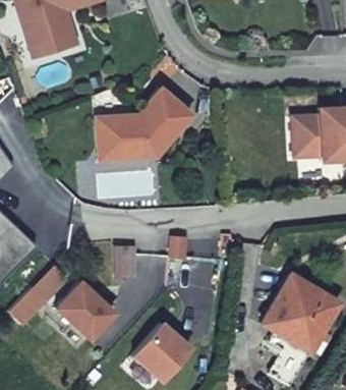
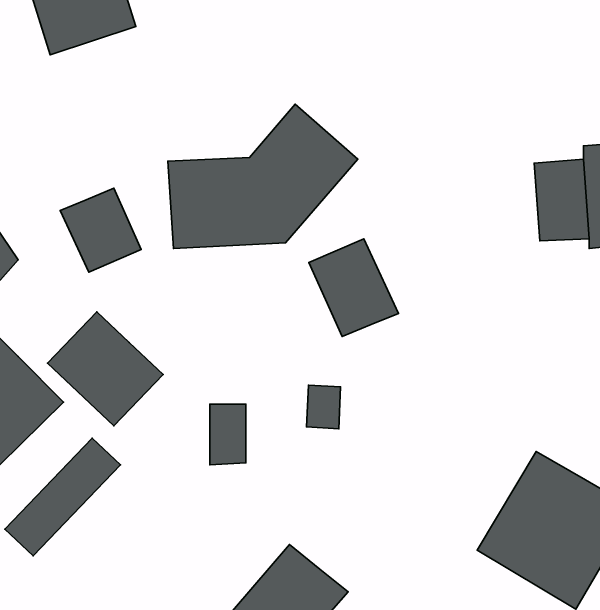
building: none -> [60,188,141,272]
building: none -> [309,239,399,336]
building: [53,277,115,338] -> [47,312,163,426]

